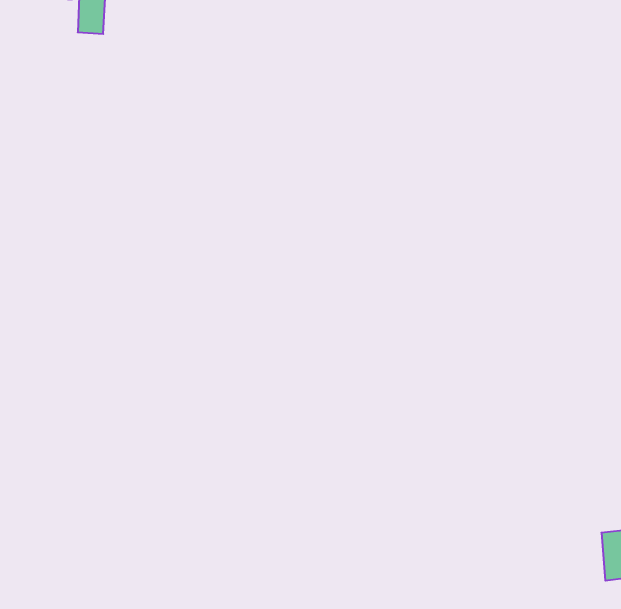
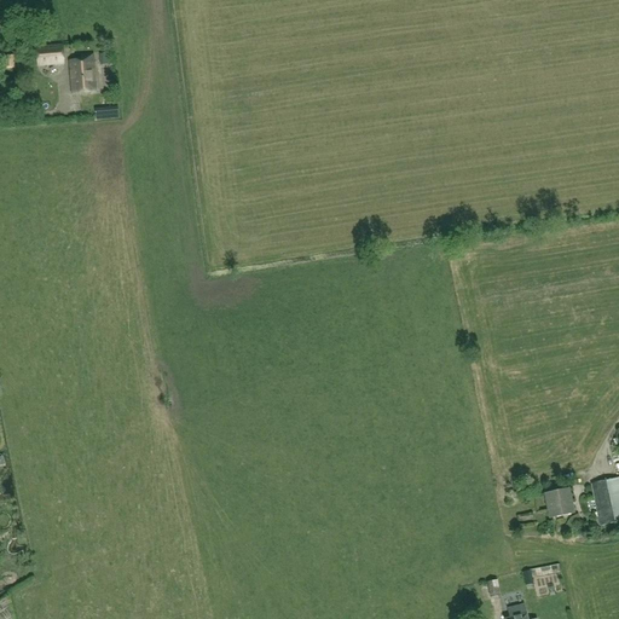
building: none -> [546,487,575,516]

